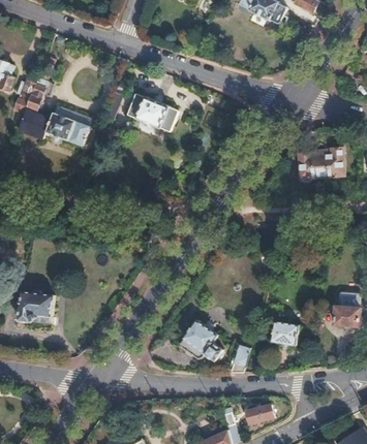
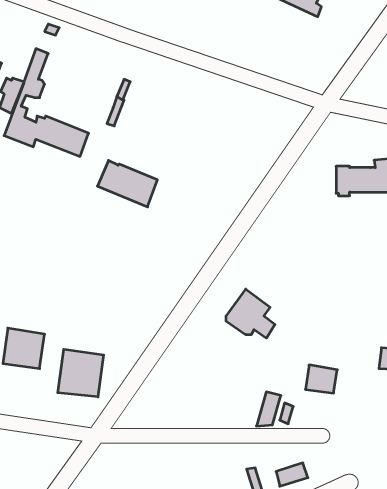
building: [126,93,177,132] -> [97,160,157,207]
building: none -> [58,349,104,397]
building: [181,319,222,360] -> [226,289,275,338]

